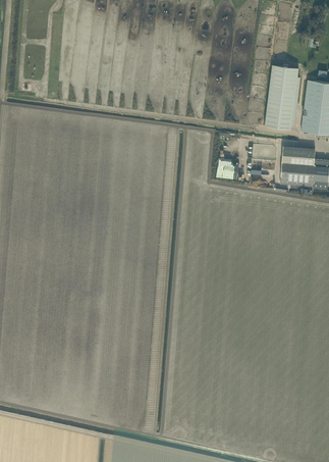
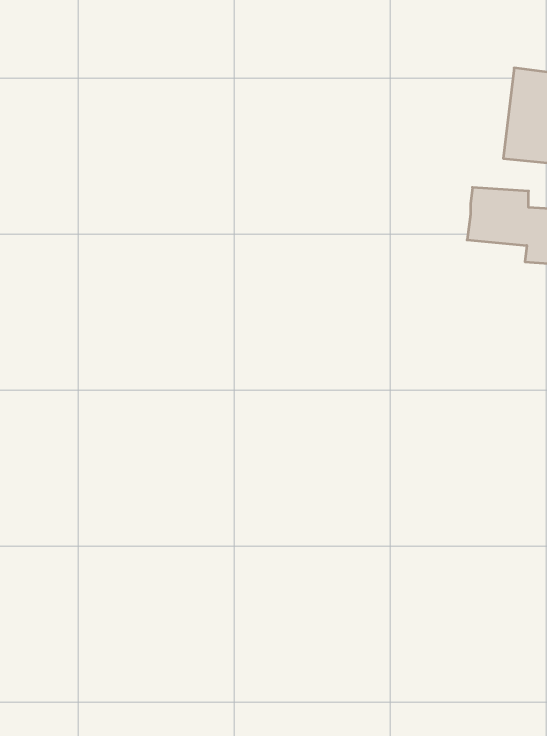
building: [265,63,298,129] -> none

